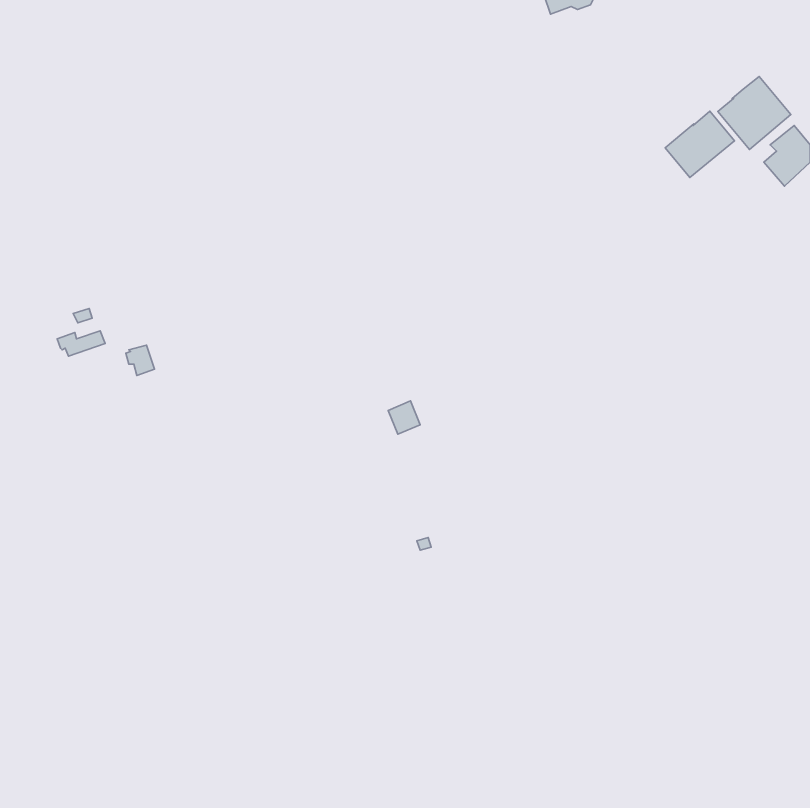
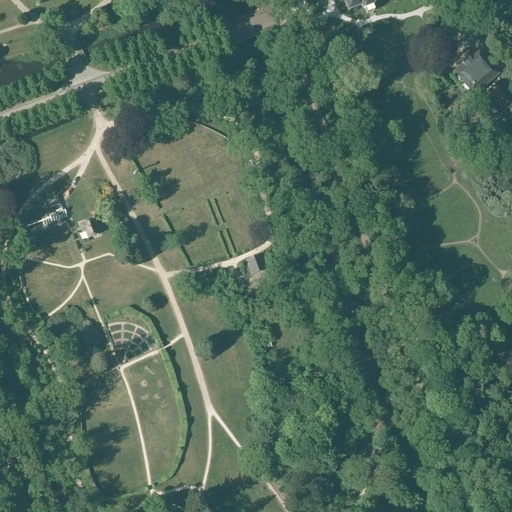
building: [665,111,734,177] -> none

